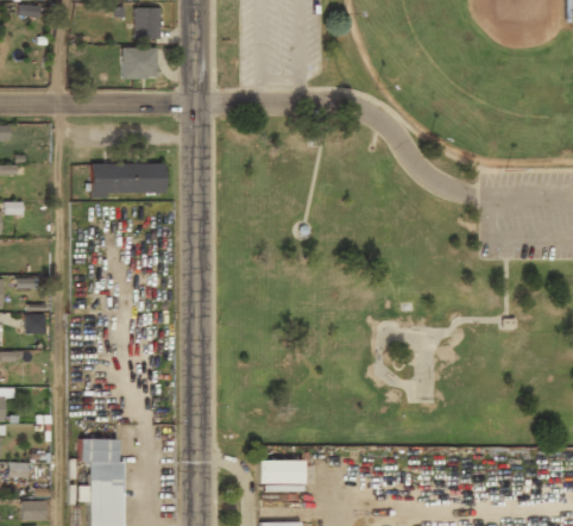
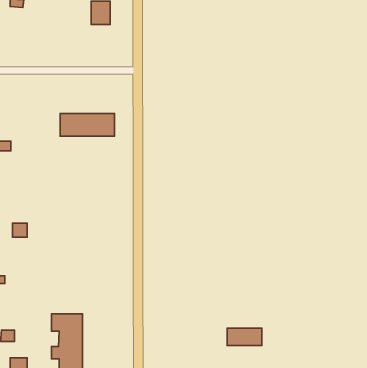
building: [124,48,158,79] -> none
building: [257,461,304,484] -> [227,328,262,346]

